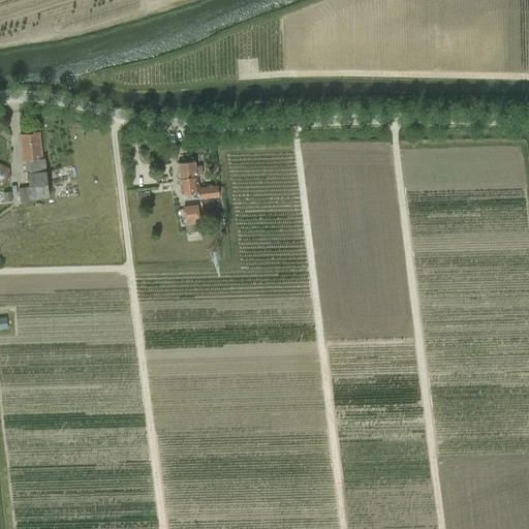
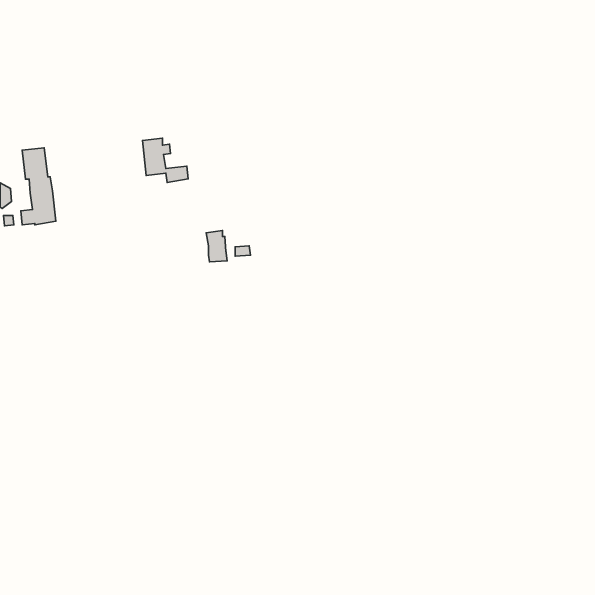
building: [178,160,218,199] -> [143,138,188,182]

